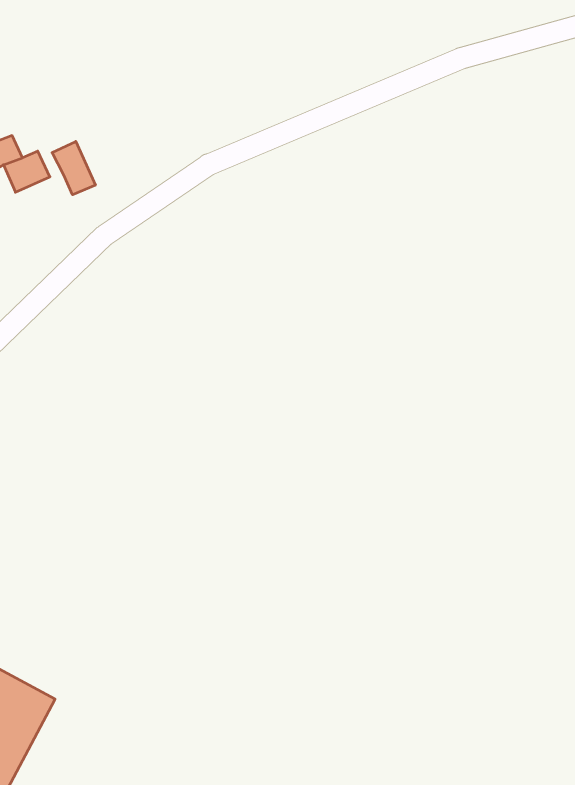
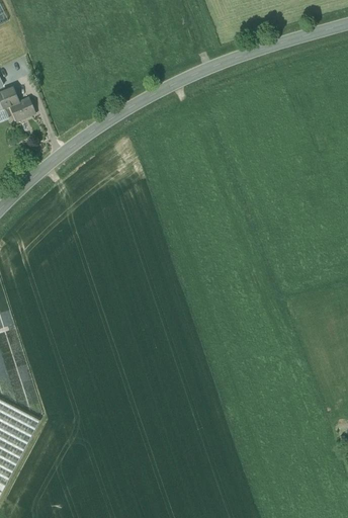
building: [52,141,95,195] -> none

